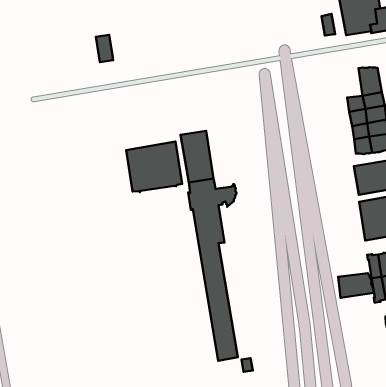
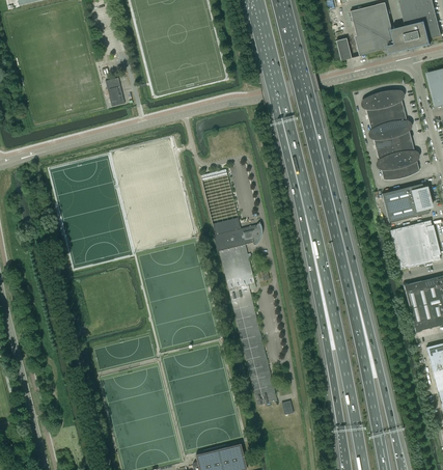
building: none -> [363,92,385,123]
building: [126,142,182,192] -> none
building: [338,273,374,298] -> none

